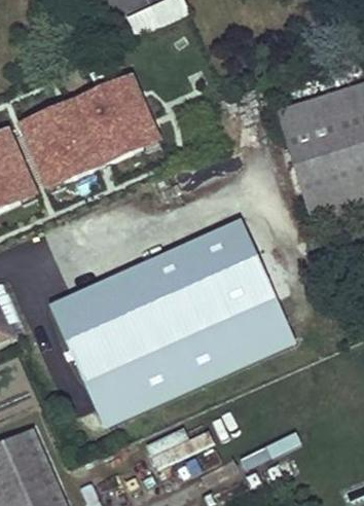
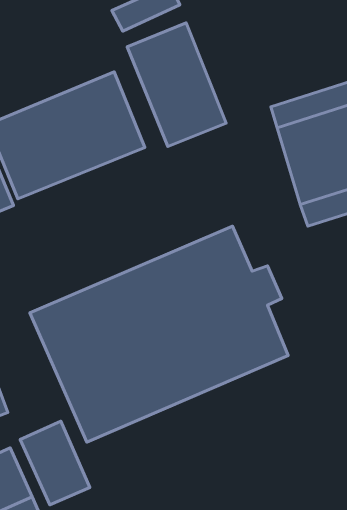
building: none -> [127,23,226,146]
building: none -> [20,421,90,505]

